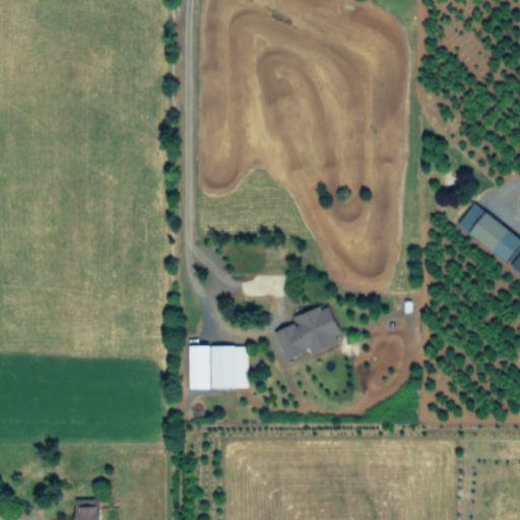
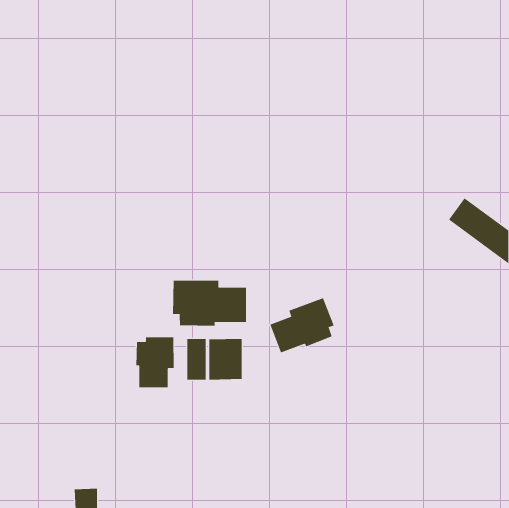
building: none -> [173,280,246,327]
building: none -> [136,336,174,388]

